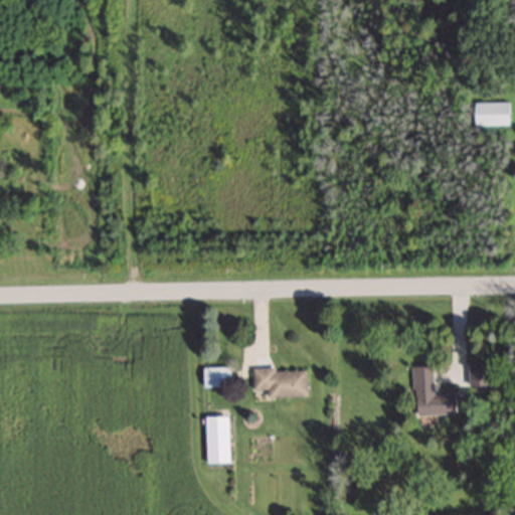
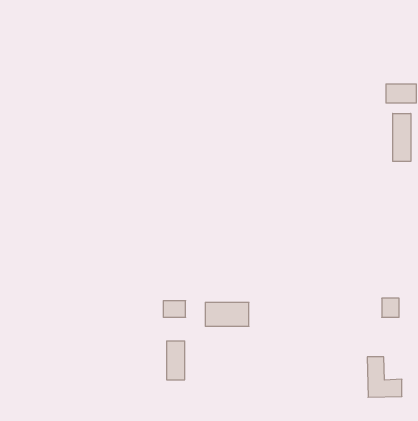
building: none -> [393,113,411,161]
building: [414,367,457,416] -> [367,357,402,397]

